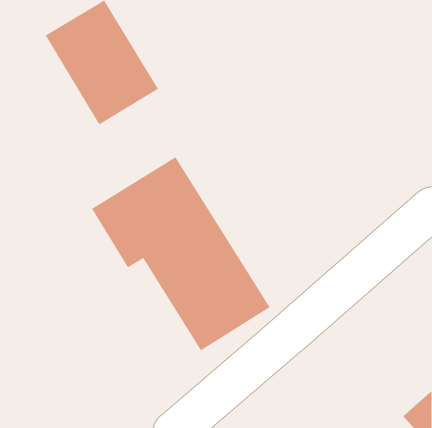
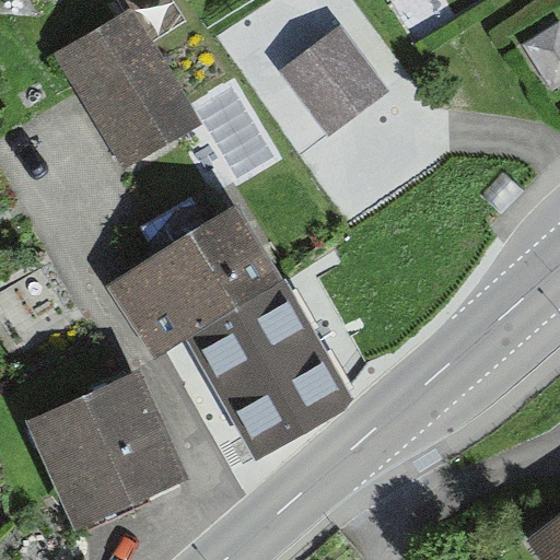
building: none -> [288,26,387,127]
building: none -> [22,374,180,535]

